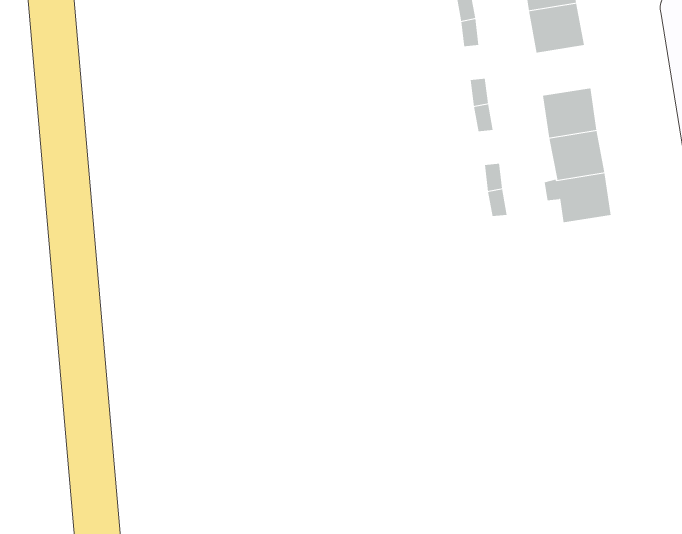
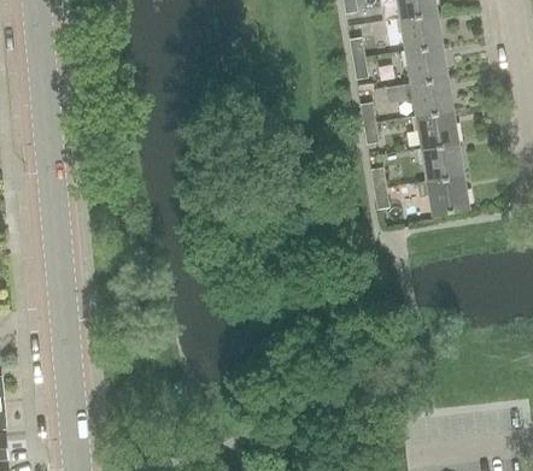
building: none -> [386,77,453,116]

